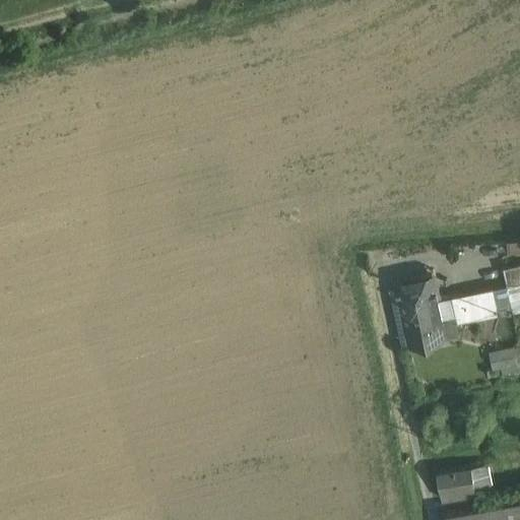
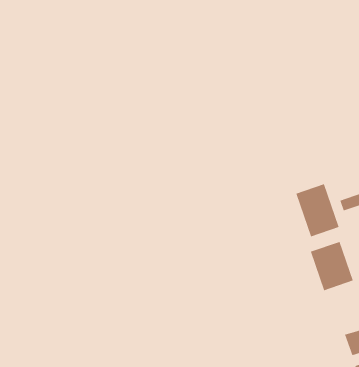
building: none -> [310,241,354,291]

